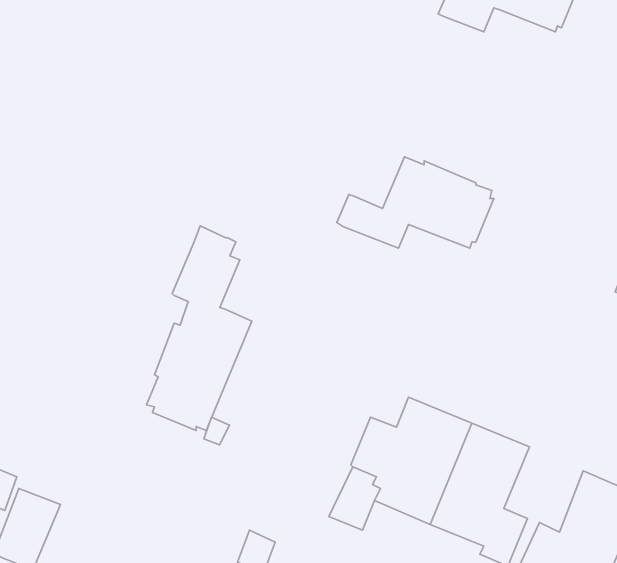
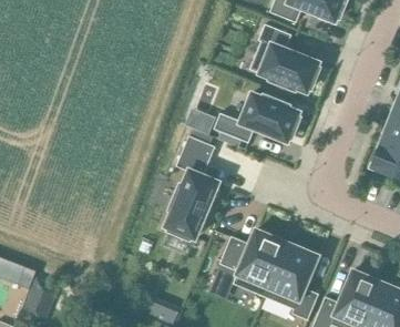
building: none -> [250,24,320,92]
building: [146,226,252,431] -> [163,127,222,242]

